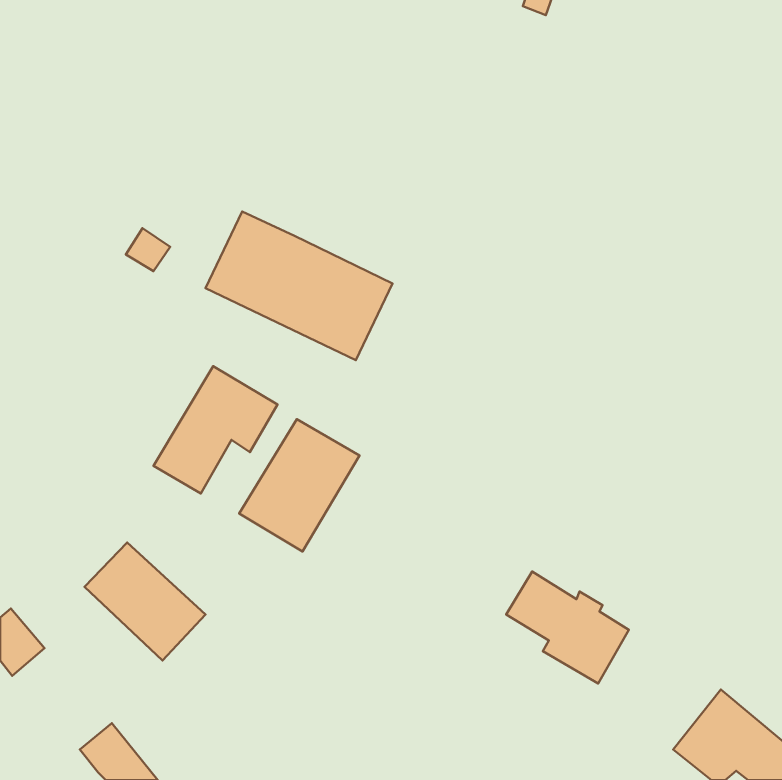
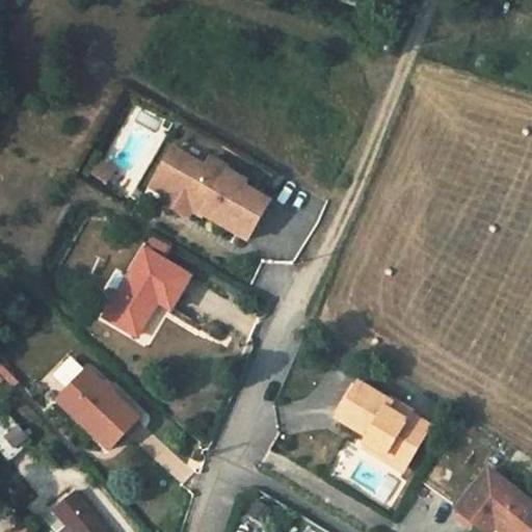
building: [239,419,360,552] -> none

